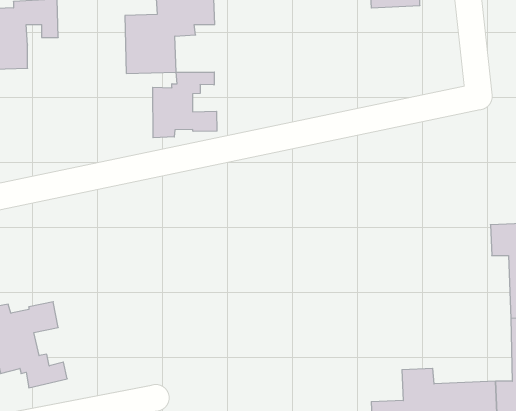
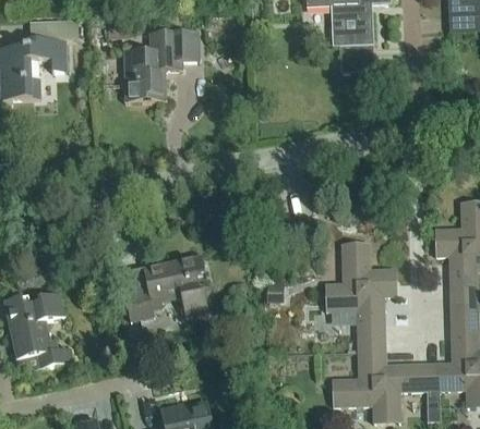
building: [153,72,217,138] -> none
building: none -> [324,243,396,353]
building: none -> [128,256,207,322]

